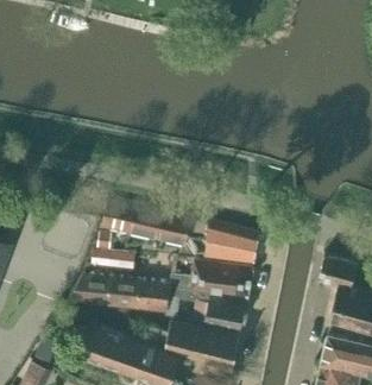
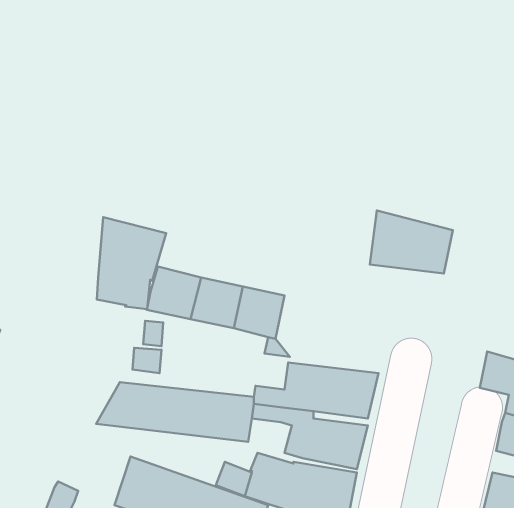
building: none -> [97,217,166,309]
building: [206,221,260,263] -> [370,210,453,274]

